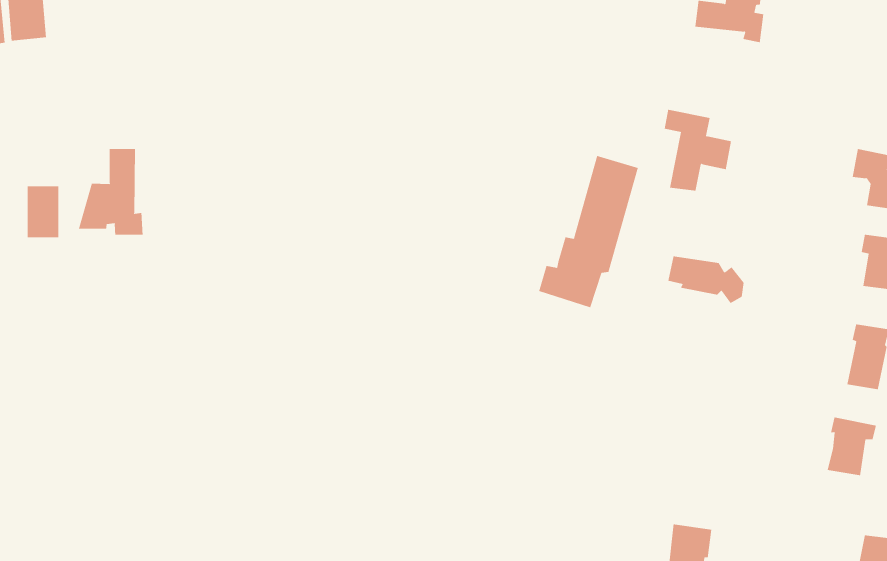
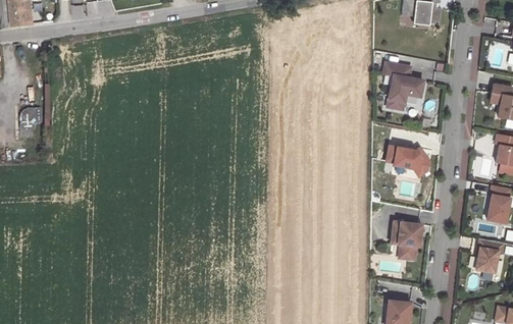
building: [78,148,143,236] -> none
building: [539,155,639,308] -> none
building: none -> [392,221,422,254]

